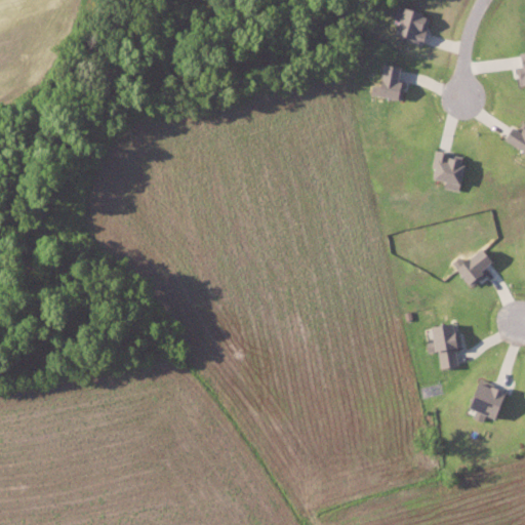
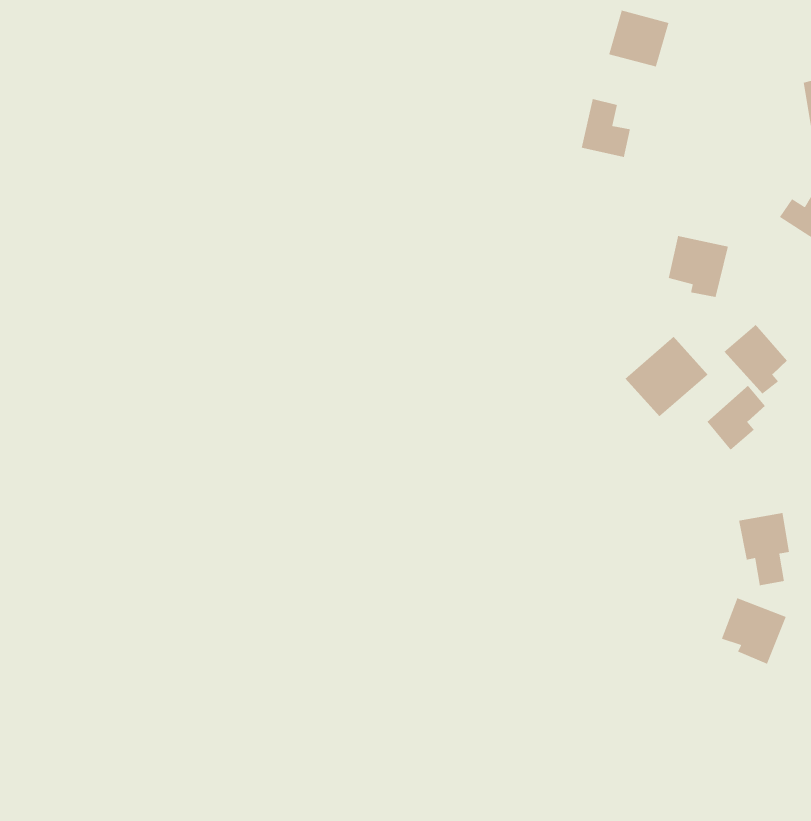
building: none -> [724,324,788,395]
building: none -> [624,336,708,417]
building: [431,322,463,369] -> [738,512,790,586]

